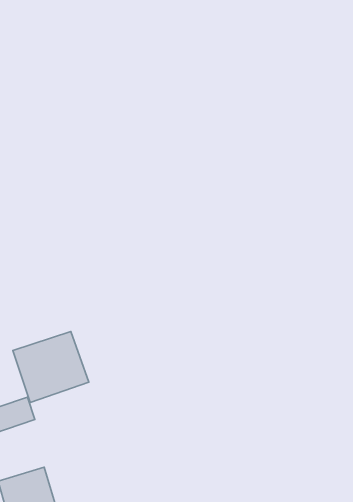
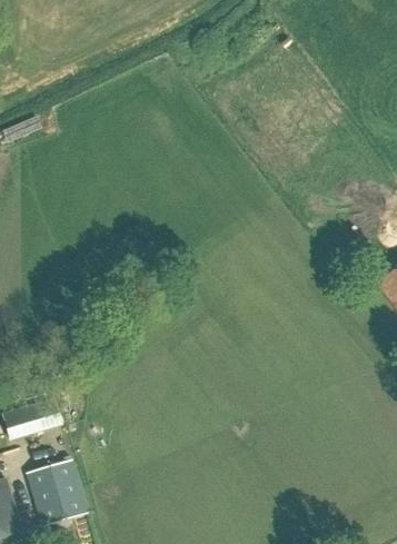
building: [13,332,89,403] -> none

